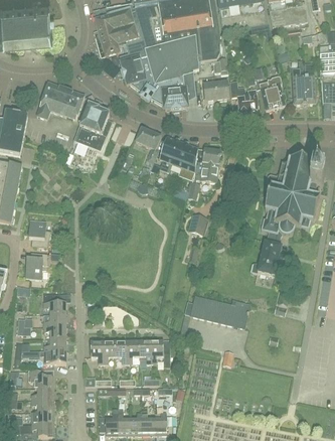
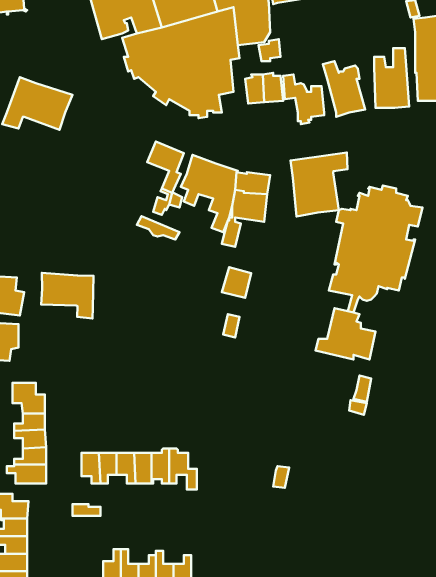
building: [72,103,111,149] -> none
building: none -> [290,152,348,216]
building: none -> [41,273,94,318]
building: [179,294,248,336] -> none

